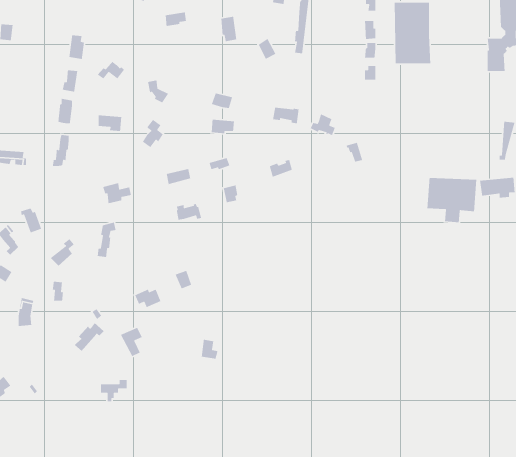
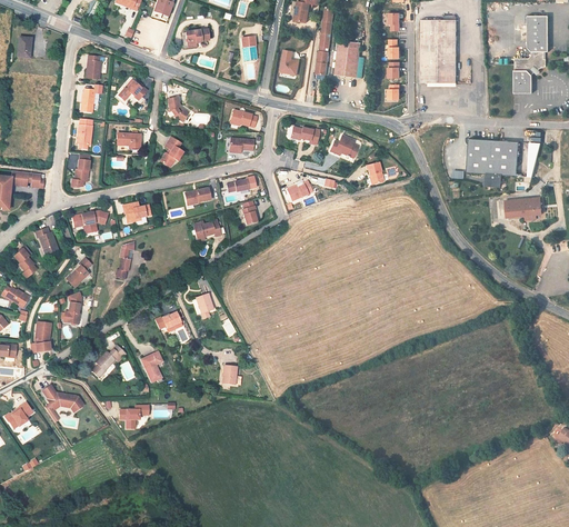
building: none -> [335,39,361,78]
building: [427,177,477,223] -> [466,139,517,186]
building: none -> [73,210,109,233]
building: none -> [40,382,82,410]

